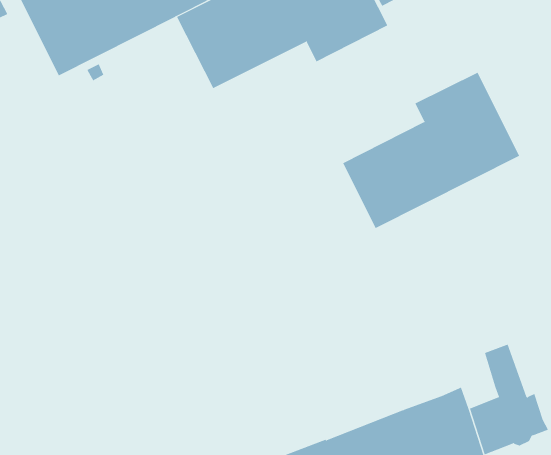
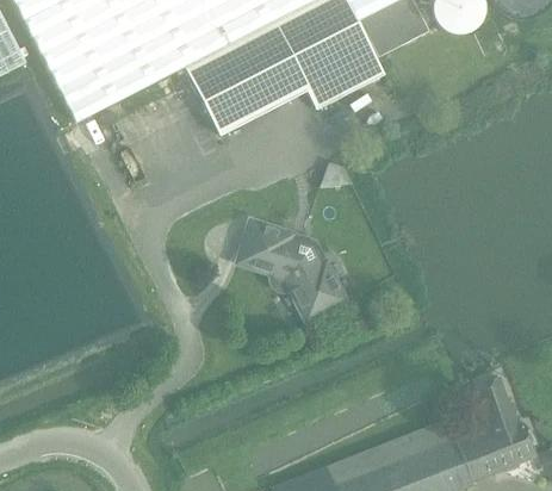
building: [343,72,520,229] -> none
building: none -> [240,222,337,313]

